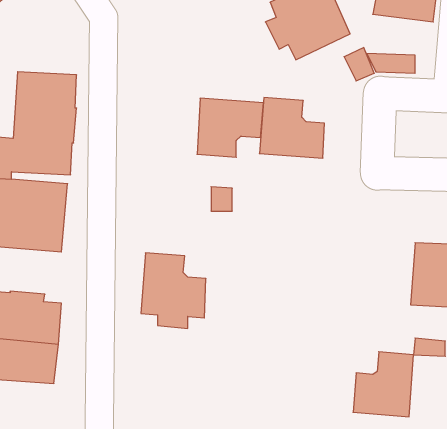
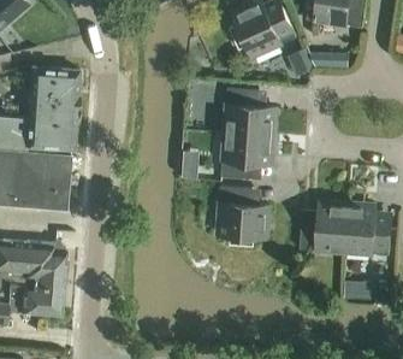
building: [197,98,264,157] -> [221,133,274,180]
building: [141,253,206,328] -> [217,187,268,247]
building: [353,352,414,417] -> [300,201,348,253]

